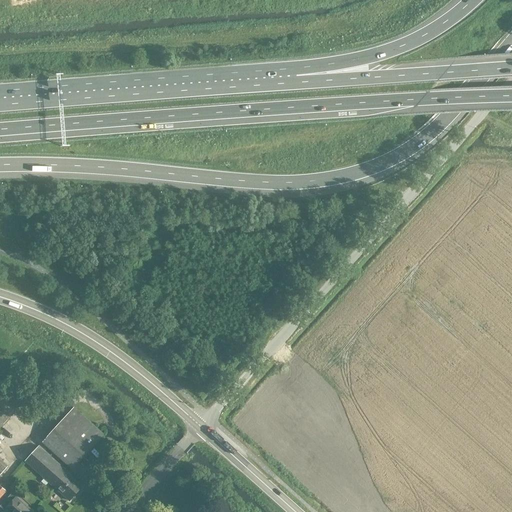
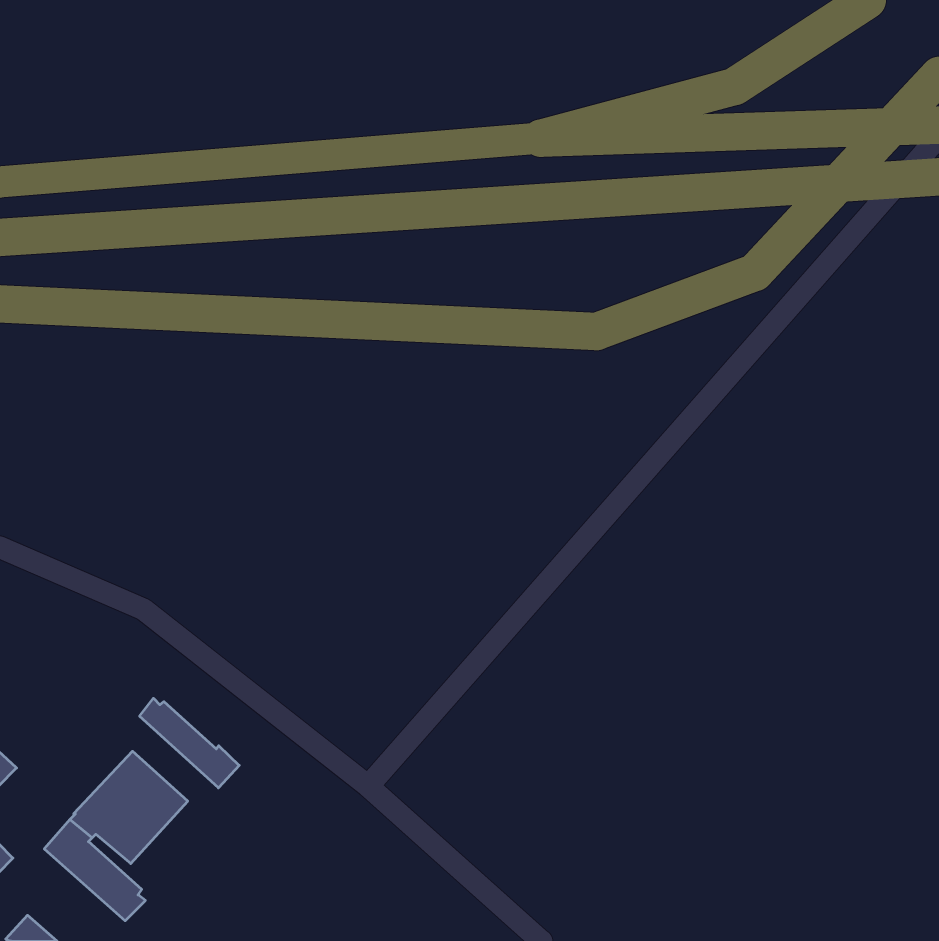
building: none -> [140,698,239,788]

